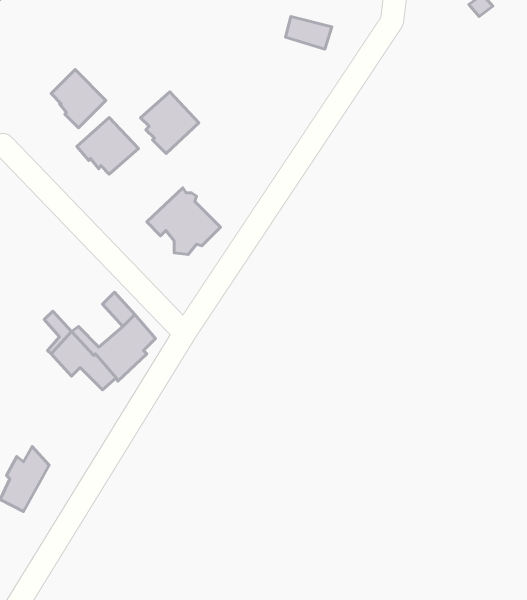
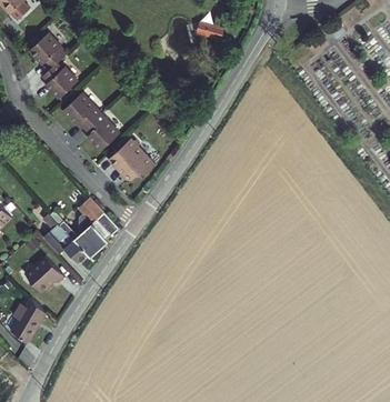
building: none -> [32,29,70,64]
building: [141,92,199,154] -> [82,109,120,149]
building: none -> [22,255,61,292]

